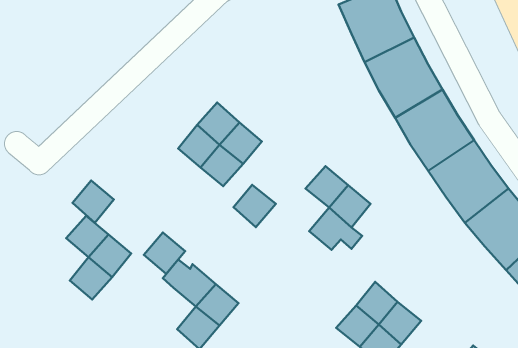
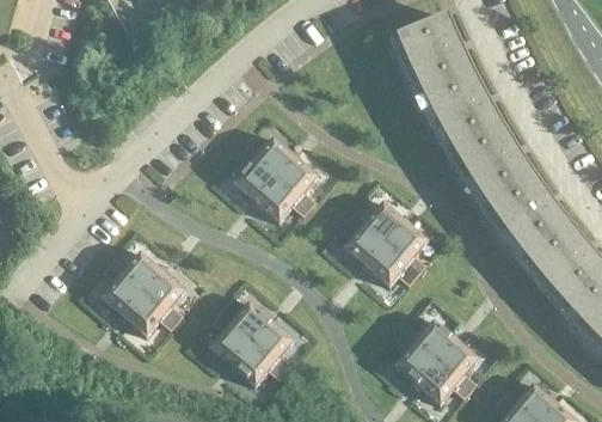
building: [72,180,114,223] -> [102,275,143,318]
building: [233,185,276,227] -> [344,225,387,268]
building: [144,232,185,274] -> [210,325,252,367]

